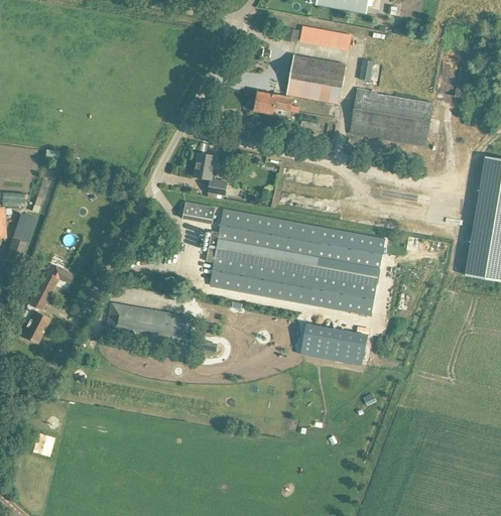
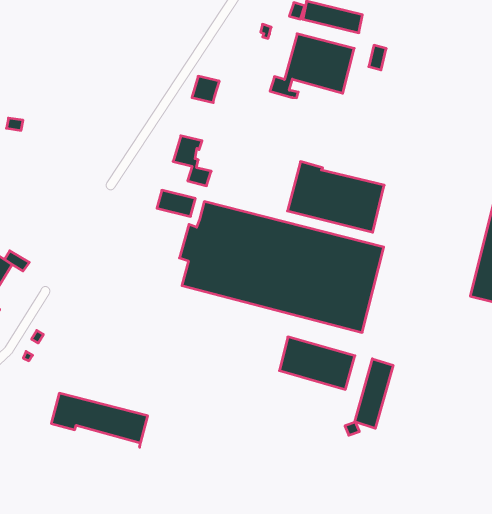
building: [350,89,433,146] -> [287,162,384,232]
building: [254,91,277,113] -> [192,76,219,103]
building: [107,303,192,346] -> [51,393,148,447]
building: none -> [355,359,393,428]

